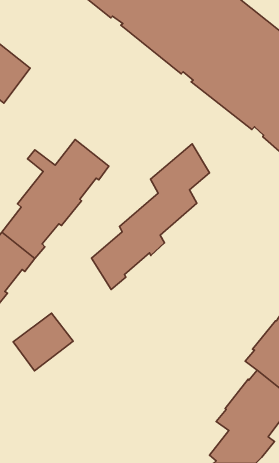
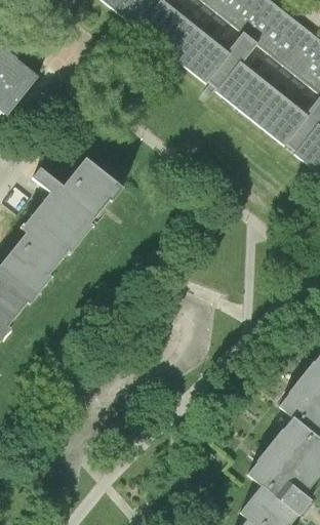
building: [92,144,209,290] -> none
building: [13,313,73,371] -> none

